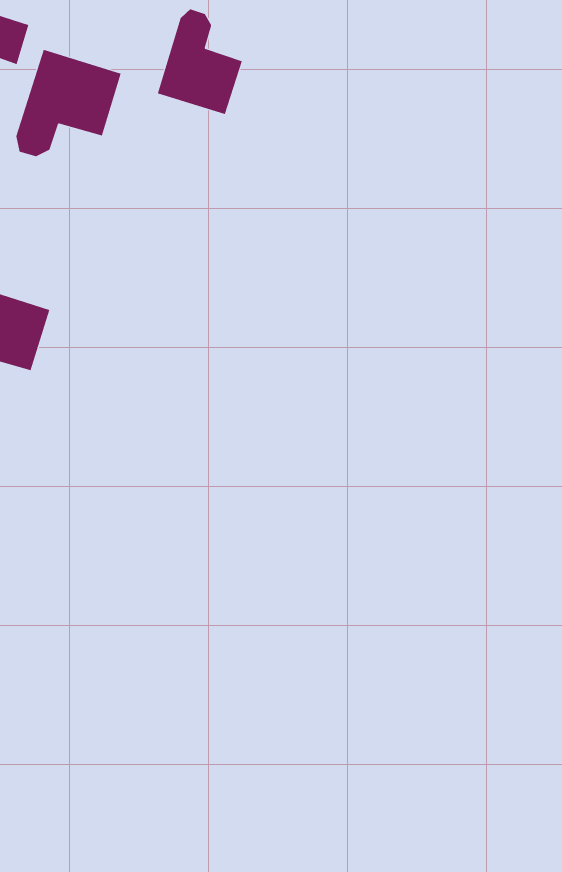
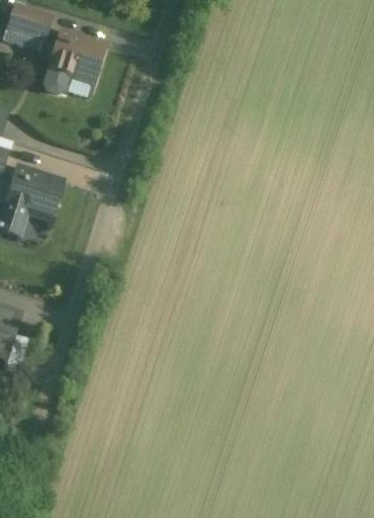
building: [157,8,242,115] -> none

